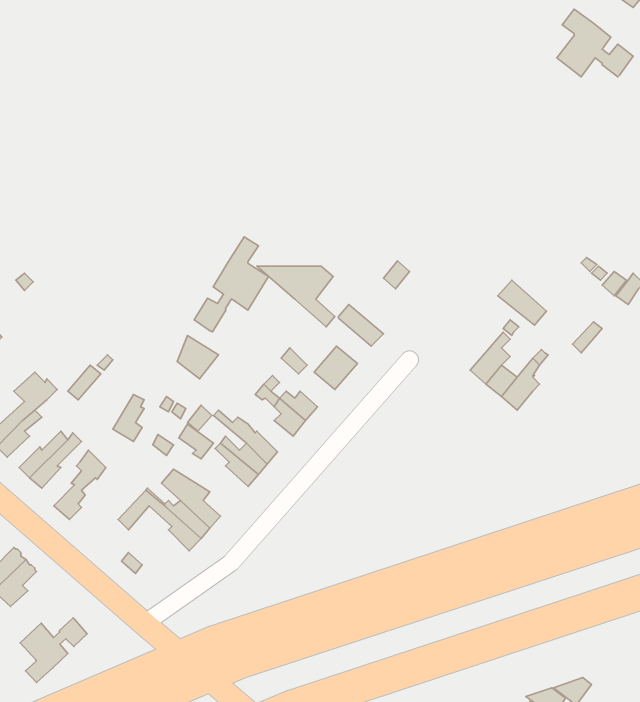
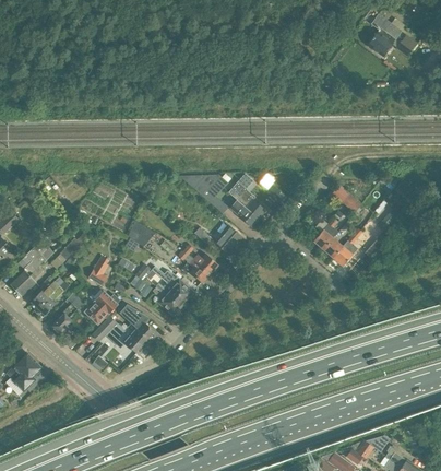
building: [194,237,268,332] -> none
building: none -> [229,174,265,219]
building: none -> [85,292,119,323]
building: [20,618,87,682] -> none

